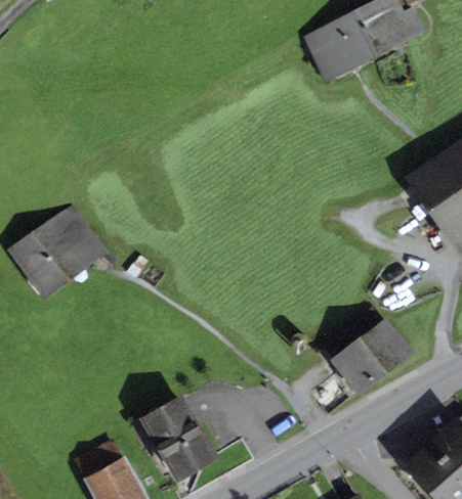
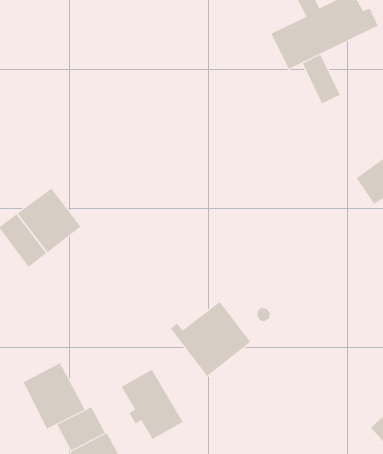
building: none -> [302,54,340,104]
building: [320,311,408,393] -> [170,301,251,377]
building: none -> [23,362,85,429]

